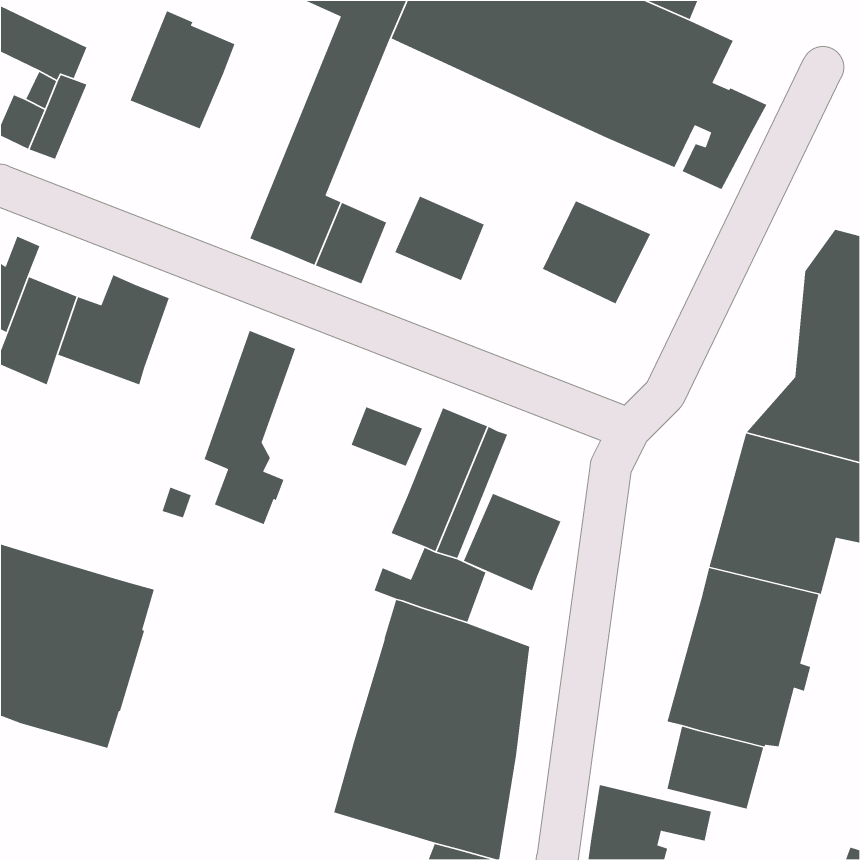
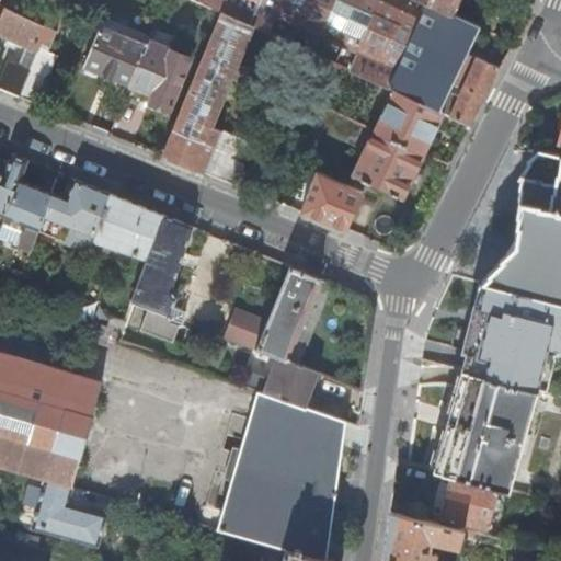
building: none -> [130,48,190,108]
building: none -> [375,90,444,152]
building: [394,195,485,281] -> [301,174,360,230]
building: none -> [94,194,162,261]
building: [351,406,423,467] -> [218,308,265,347]
building: [463,493,562,592] -> none
building: none -> [30,480,104,548]

